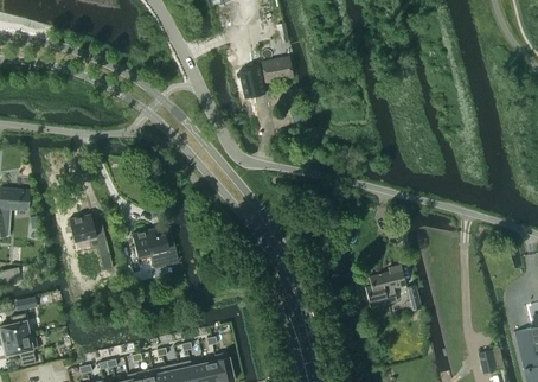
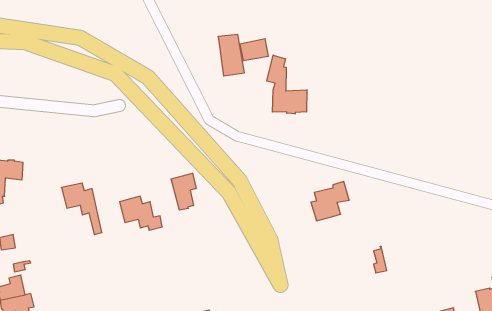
building: none -> [267,55,307,114]
building: none -> [171,173,196,210]
building: [365,266,406,308] -> [311,181,349,221]

